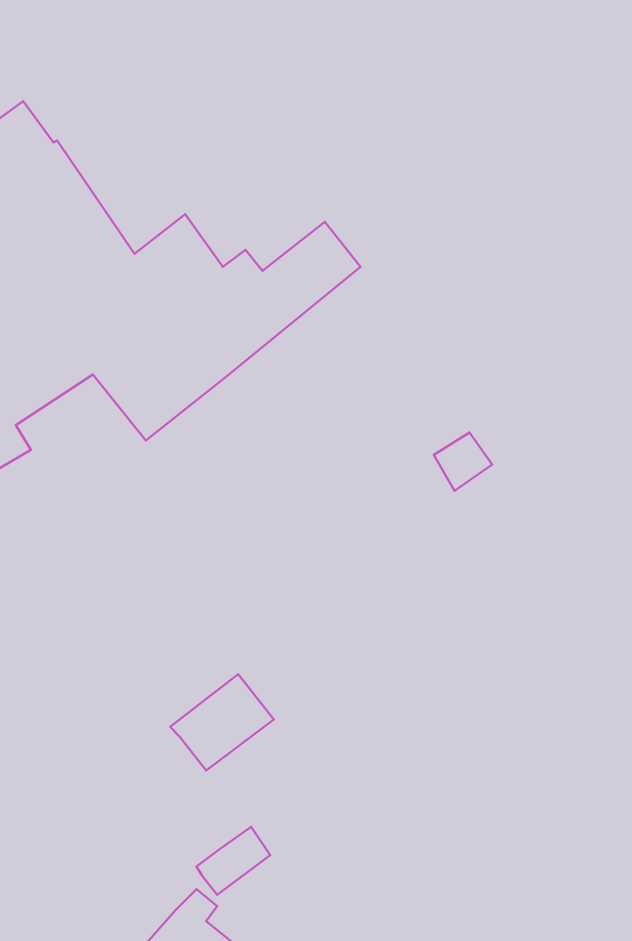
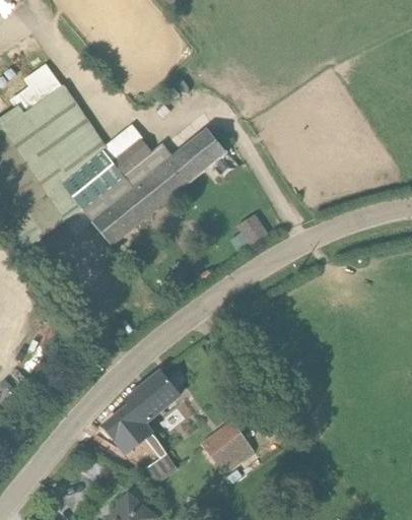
building: [434,432,492,491] -> [235,214,267,246]
building: none -> [105,405,167,466]
building: none -> [200,420,254,474]

